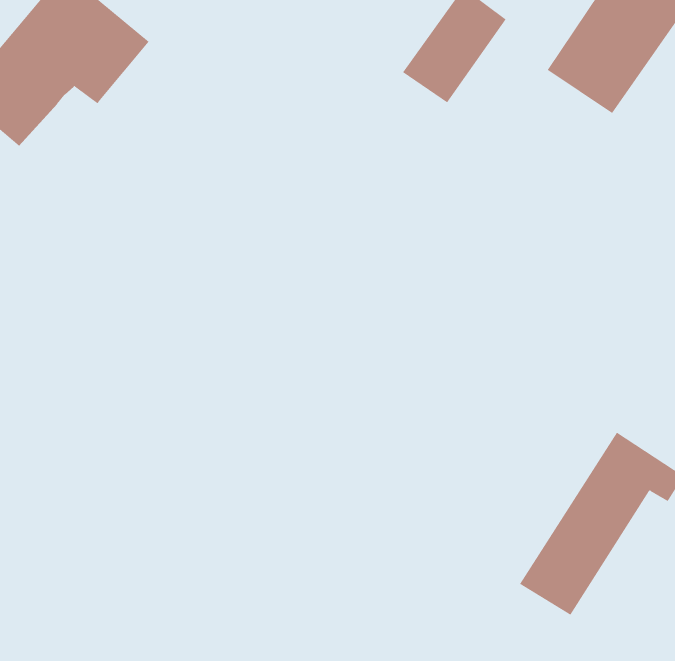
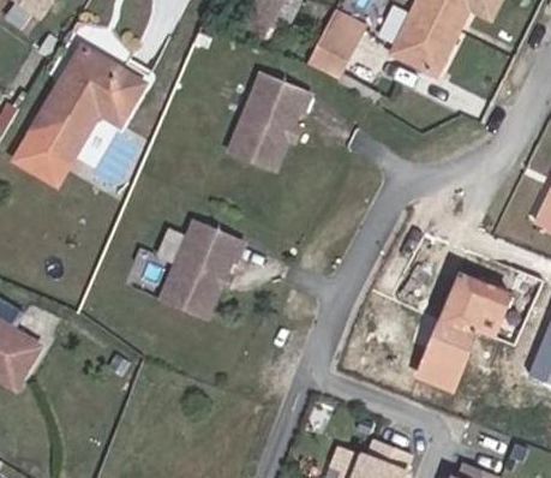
building: none -> [226,71,312,168]
building: none -> [158,222,242,319]

